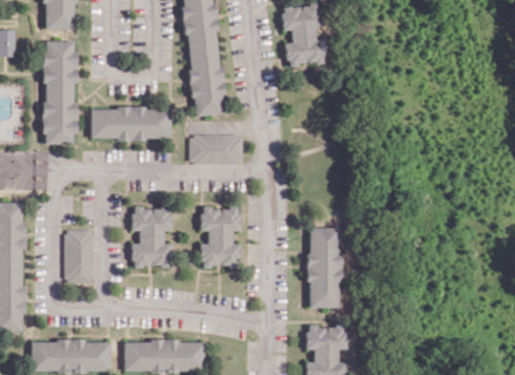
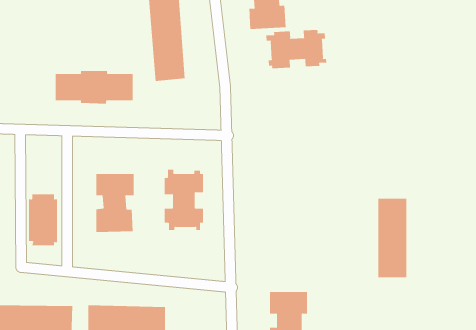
building: [43,40,77,142] -> none
building: none -> [266,29,327,69]
building: [190,134,243,162] -> none
building: [309,228,338,308] -> [378,198,407,278]

